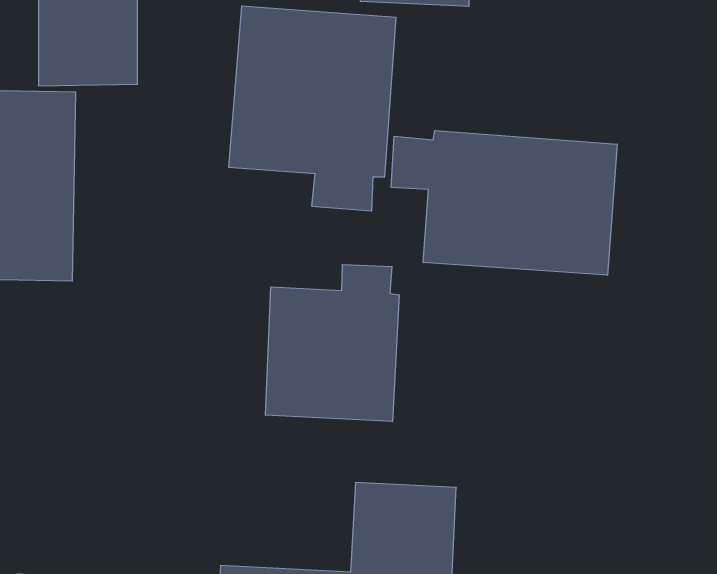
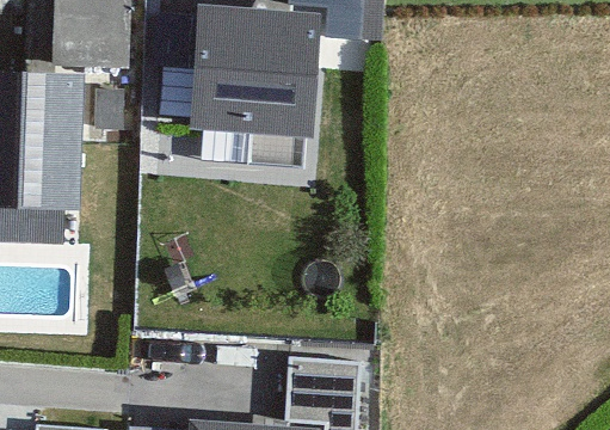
building: [391,130,617,275] -> none
building: [265,264,399,422] -> none

